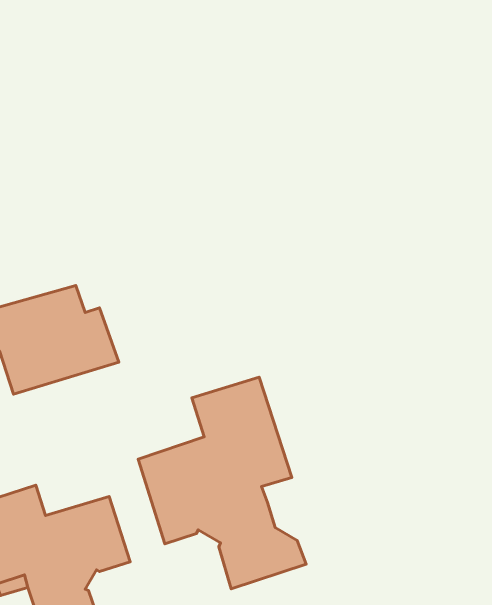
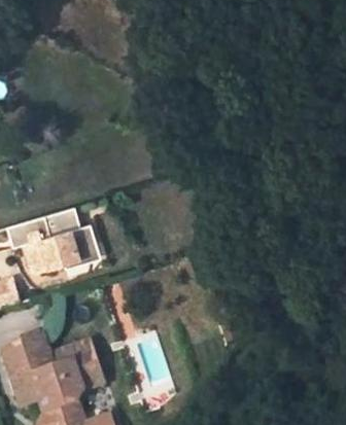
building: [138,377,306,589] -> none

